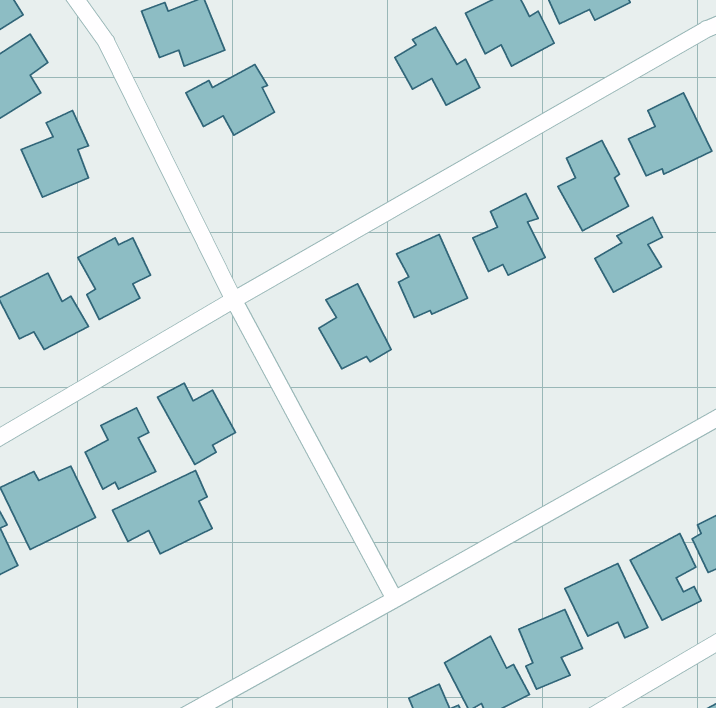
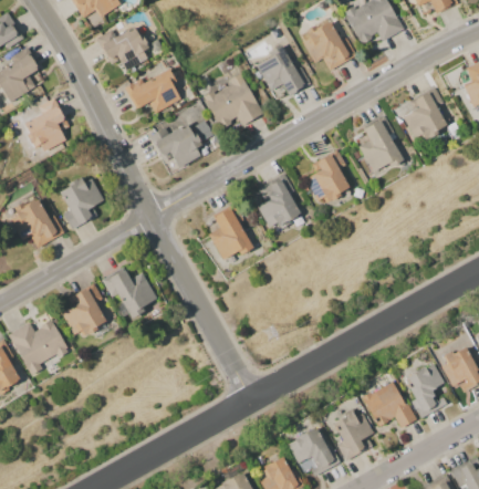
building: none -> [202,75,262,128]
building: none -> [149,123,204,167]
building: [595,217,663,292] -> none
building: [112,471,212,554] -> none

